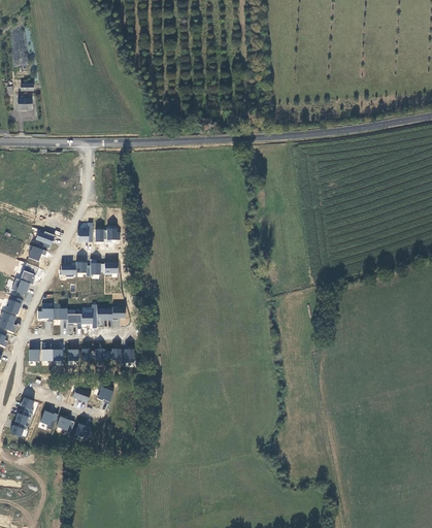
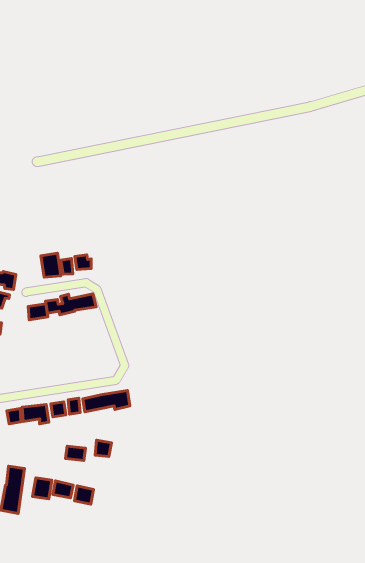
building: [37,304,126,328] -> none

